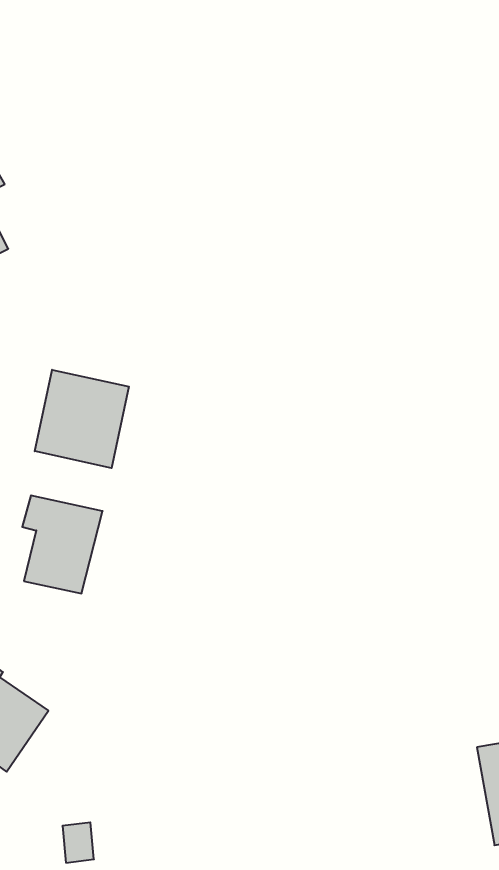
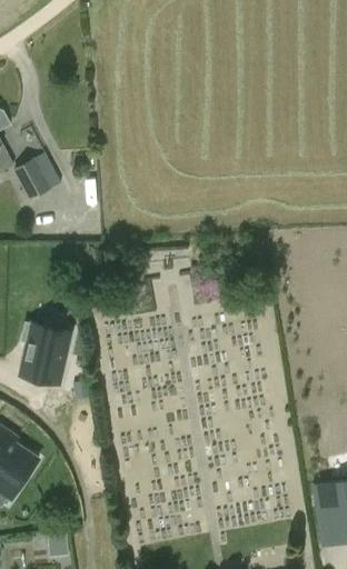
building: none -> [12,153,60,200]
building: [35,370,129,468] -> none

